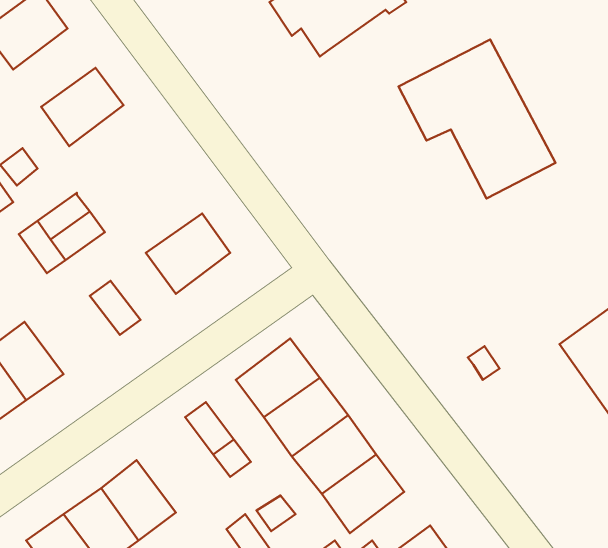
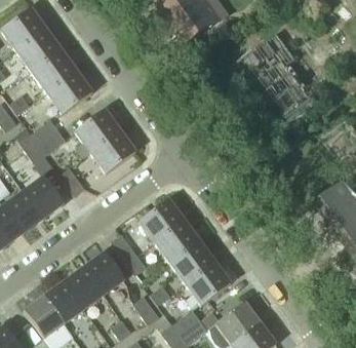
building: none -> [15,29,61,72]
building: none -> [46,71,91,114]
building: none -> [73,109,119,152]
building: none -> [22,176,63,219]
building: none -> [83,252,125,295]

